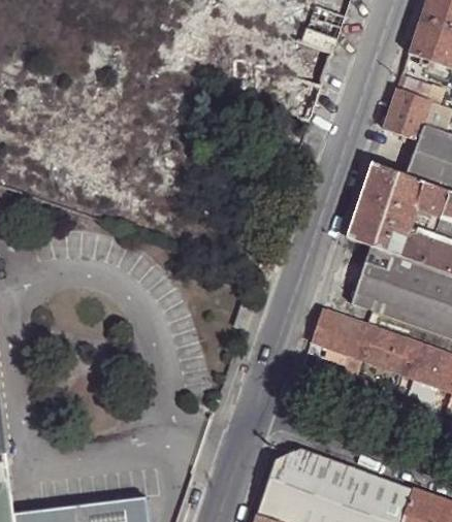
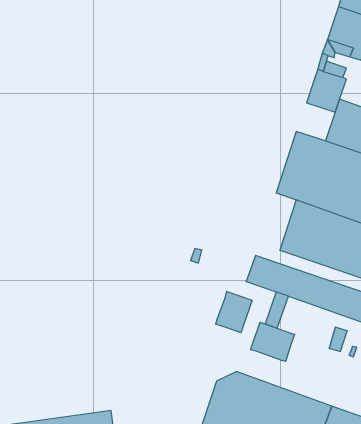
building: none -> [216,291,252,333]
building: none -> [250,322,295,361]

